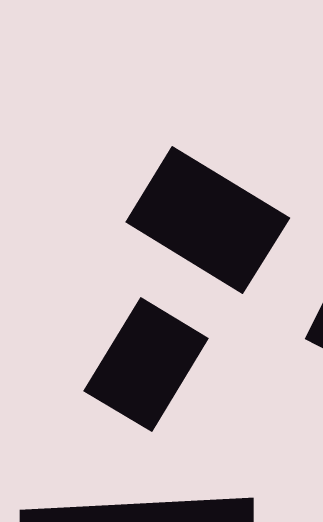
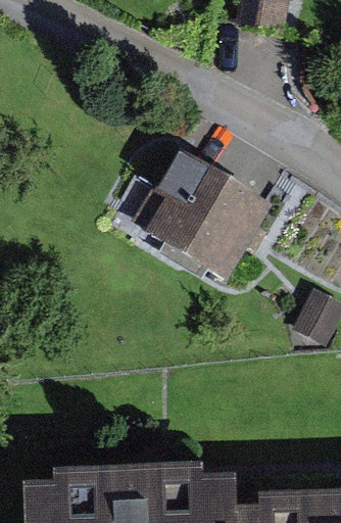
building: [82,296,210,433] -> none

